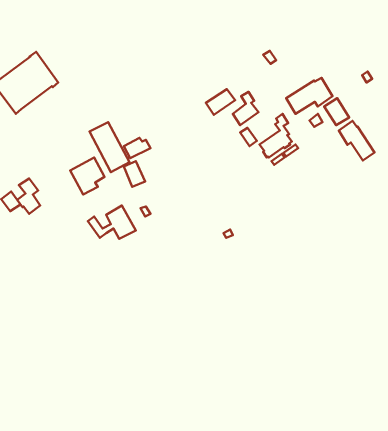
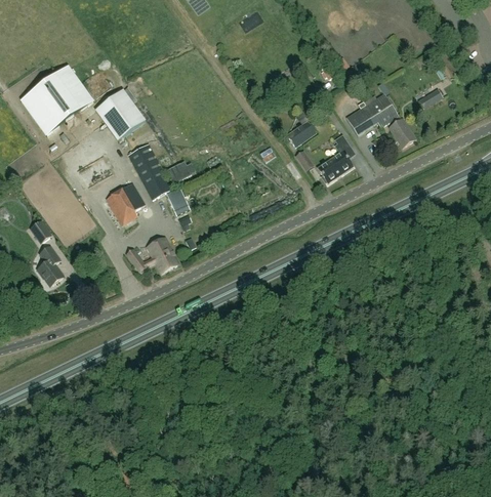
building: none -> [95,88,145,139]
building: [206,89,235,115] -> none
building: [339,121,374,161] -> none
building: [17,179,40,214] -> [37,246,63,285]

